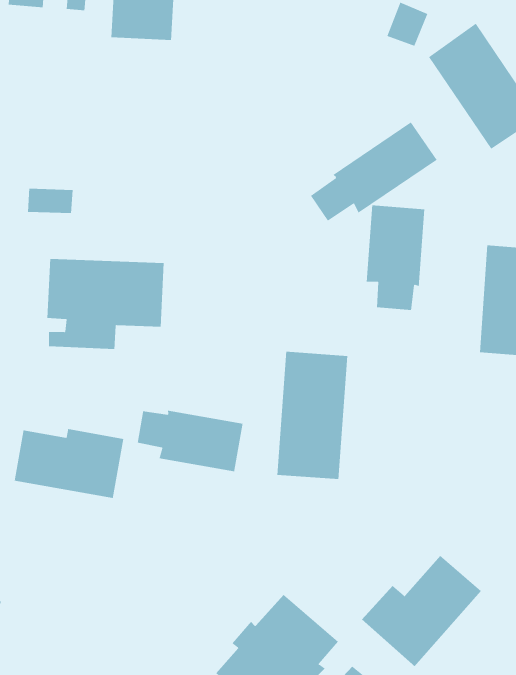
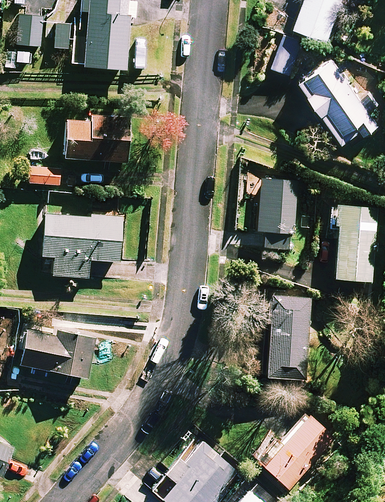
building: none -> [65,116,130,162]
building: [310,122,438,221] -> none
building: [277,351,348,480] -> [261,293,309,379]
building: [137,410,243,472] -> none

